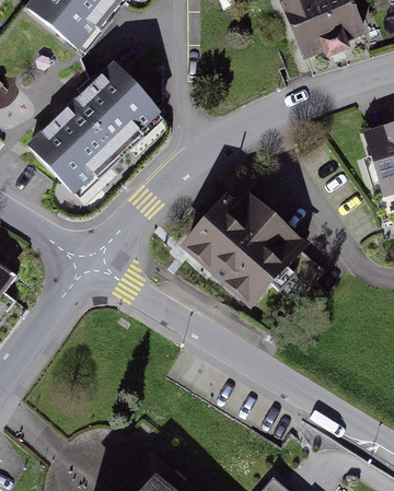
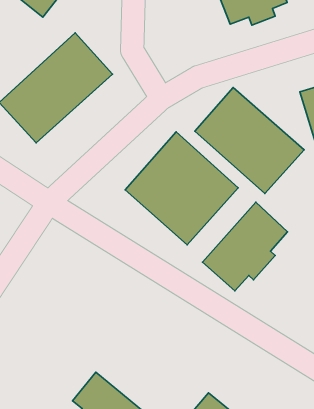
building: none -> [195,88,304,193]
building: none -> [203,202,288,291]

